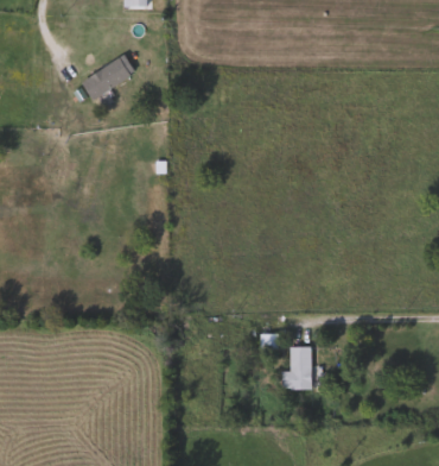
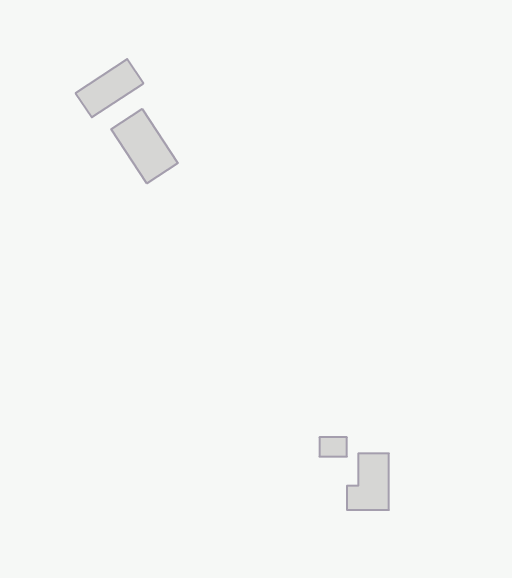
building: none -> [111,109,178,183]

